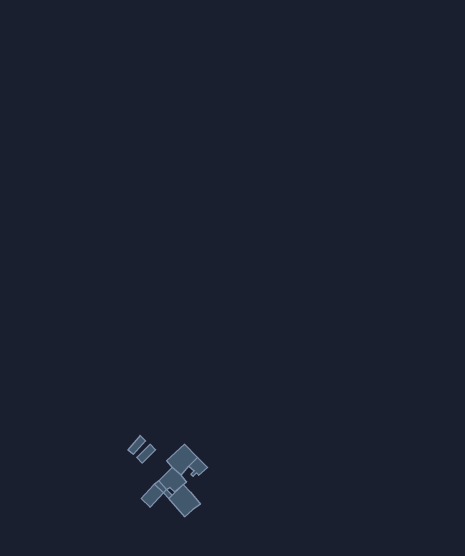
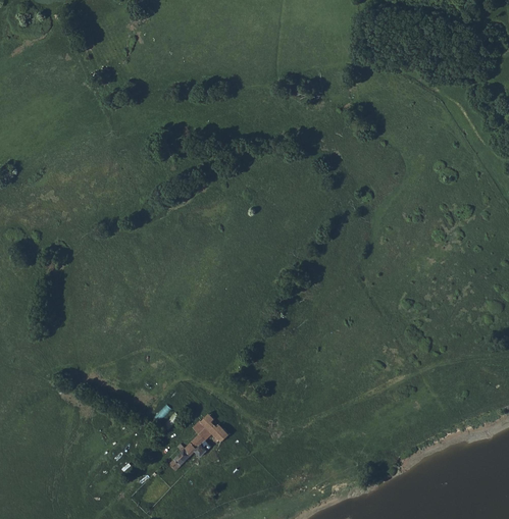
building: [169,485,200,517] -> none

